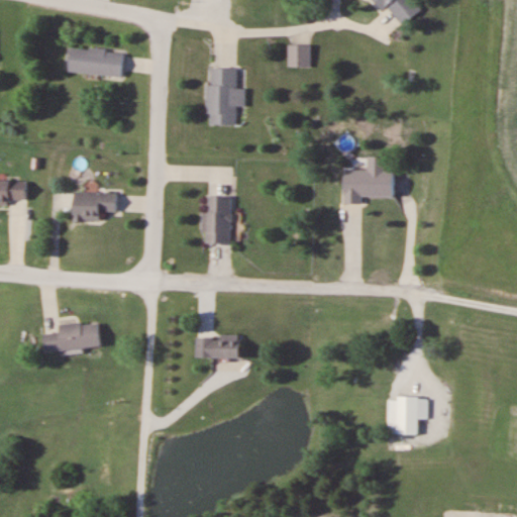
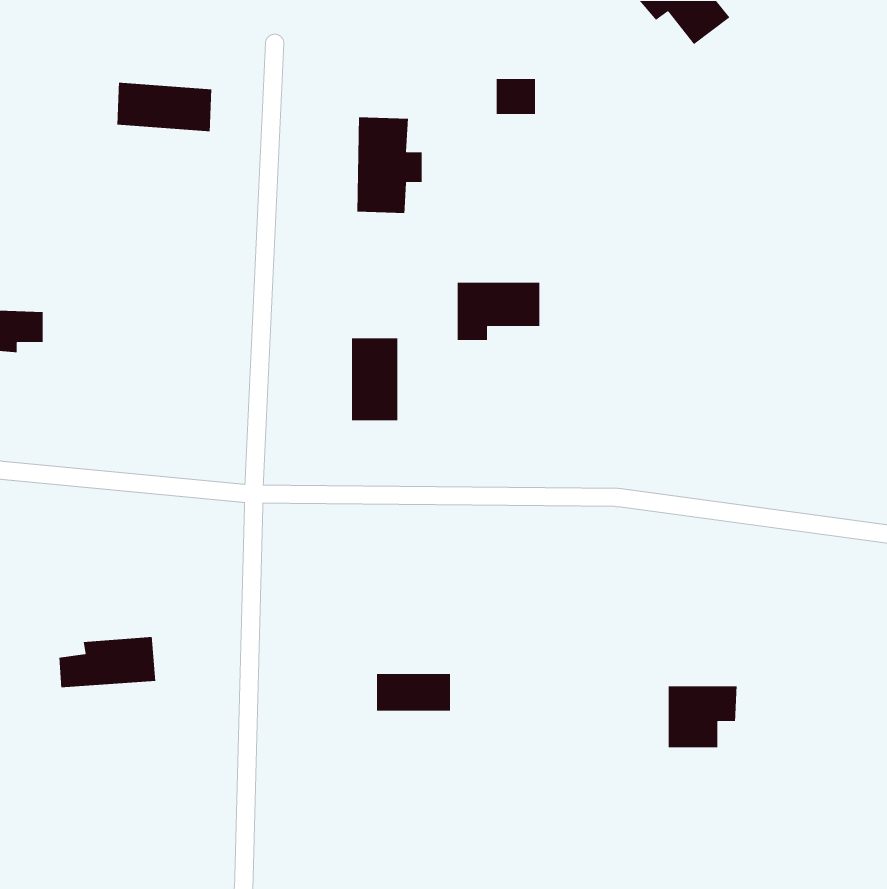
building: [343,170,392,204] -> [457,282,540,341]
building: [73,193,116,222] -> none
building: [43,322,100,352] -> [59,636,156,688]
building: [196,336,239,358] -> [376,673,451,711]

